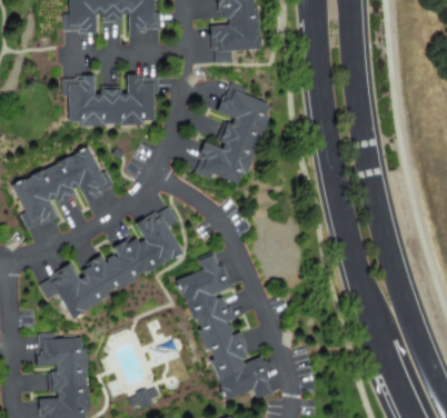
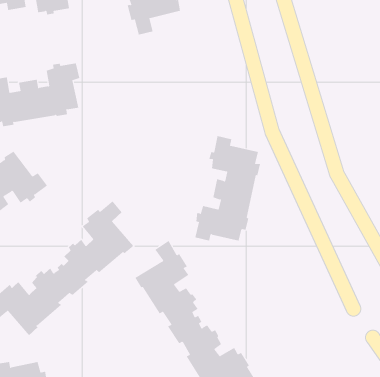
building: [198,83,269,182] -> [195,136,261,241]

